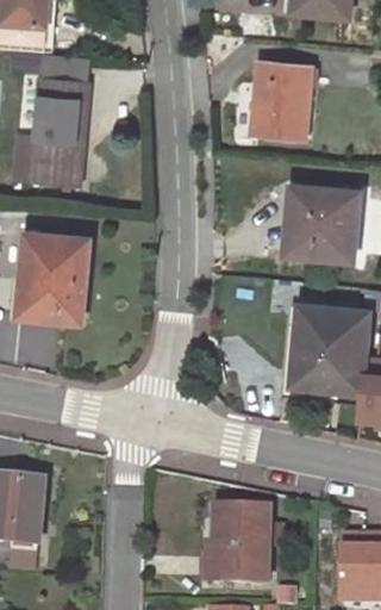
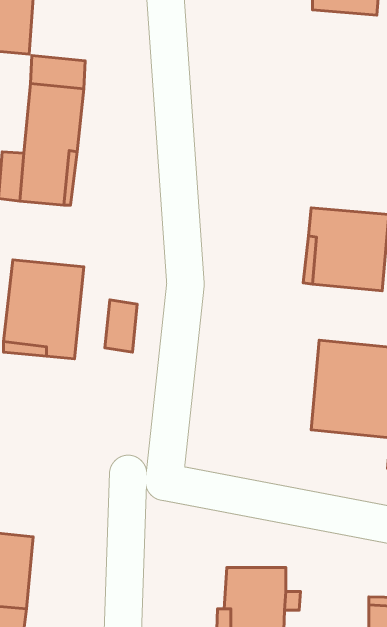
building: [252,61,312,138] -> none
building: none -> [105,300,137,352]

